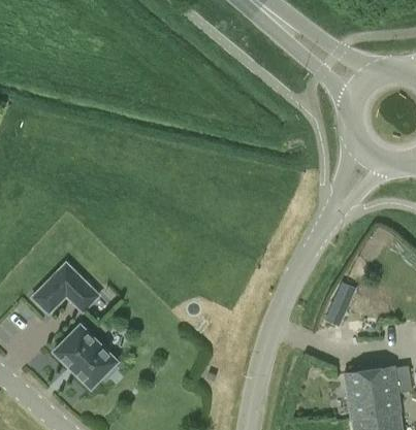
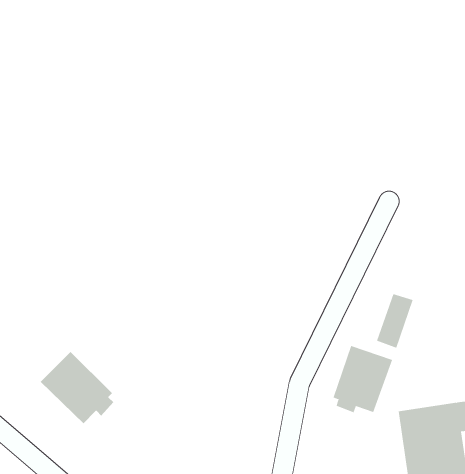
building: [31,262,97,313] -> none
building: none -> [333,345,393,413]

